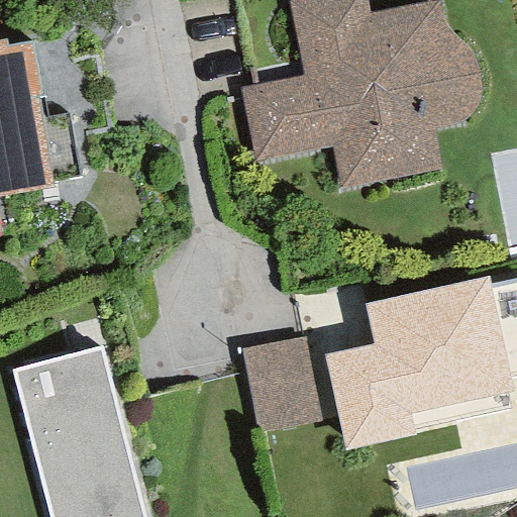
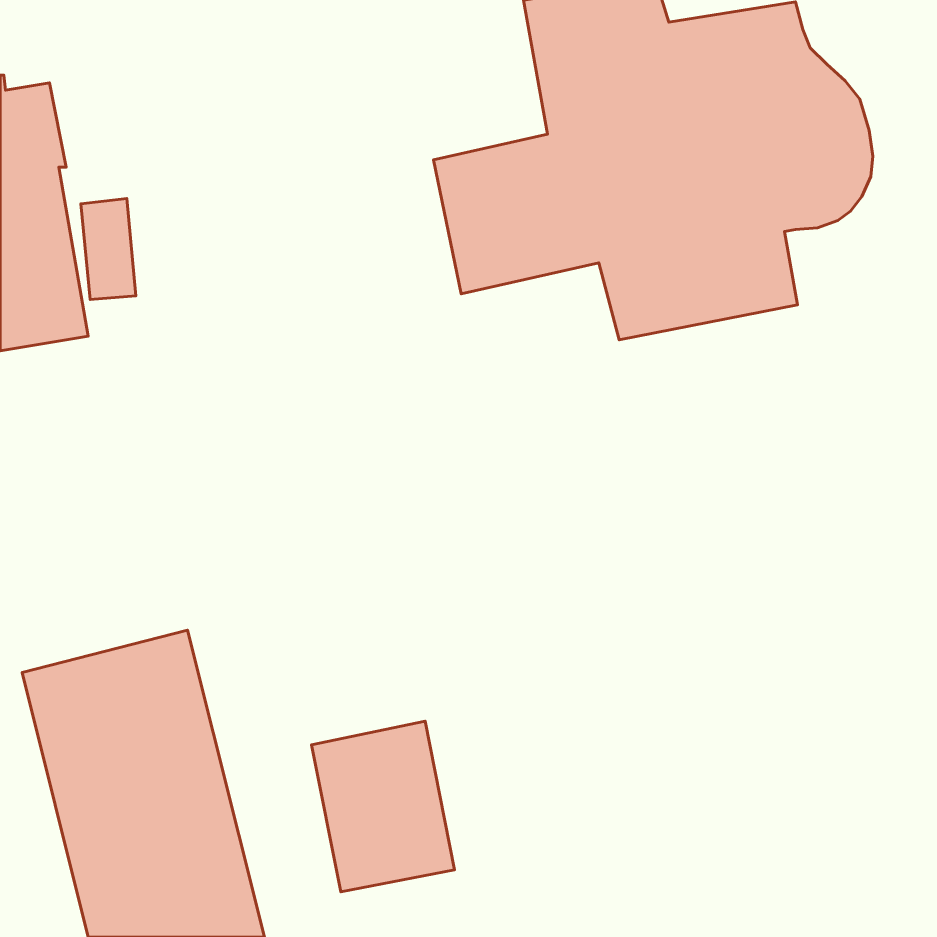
building: [324,276,512,450] -> none
building: [243,337,322,431] -> [311,721,455,892]

